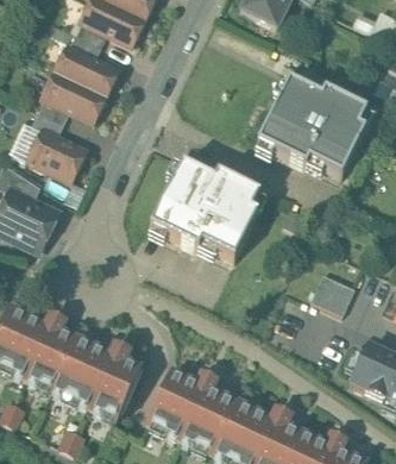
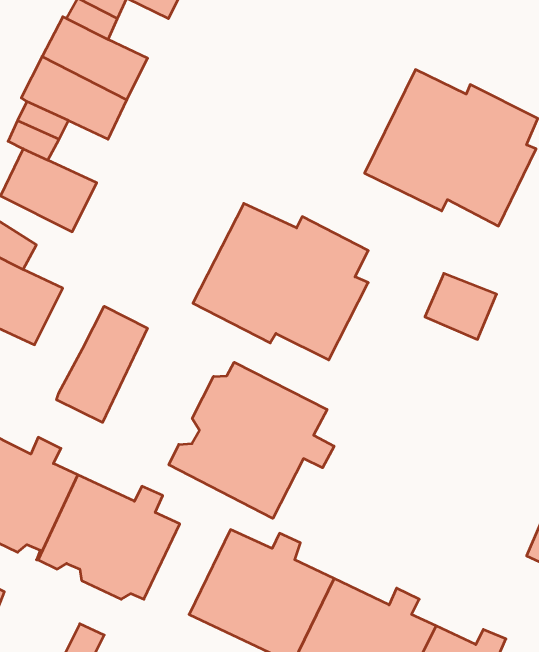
building: none -> [57,306,147,422]
building: none -> [169,362,334,518]
building: [310,270,356,312] -> [425,273,497,339]

